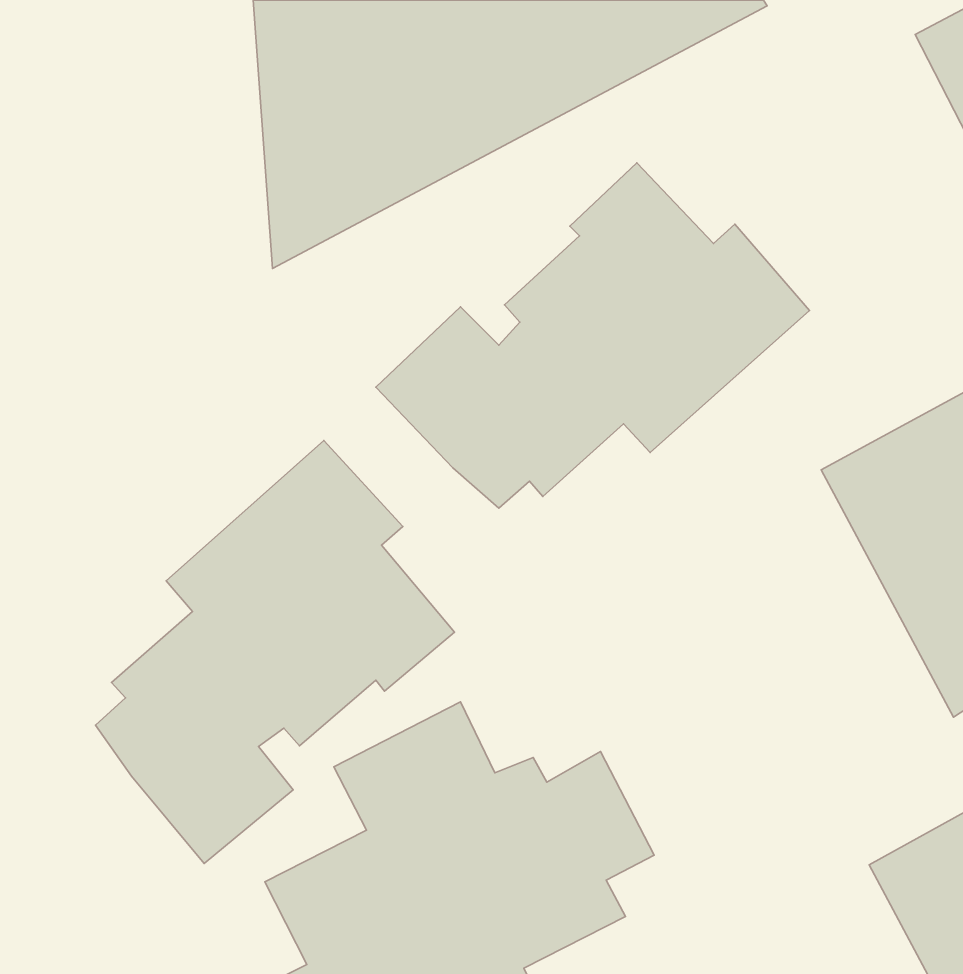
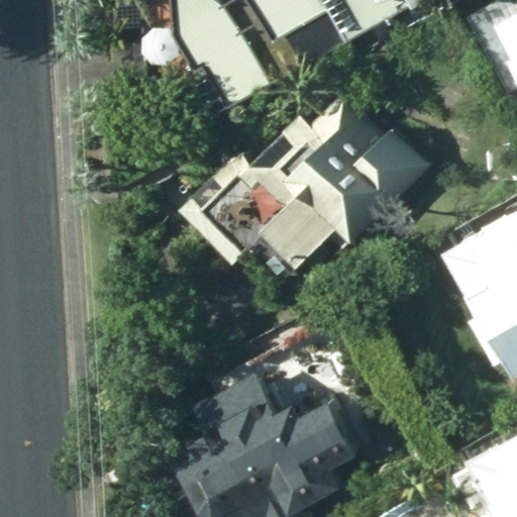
building: [96,440,454,864] -> none

